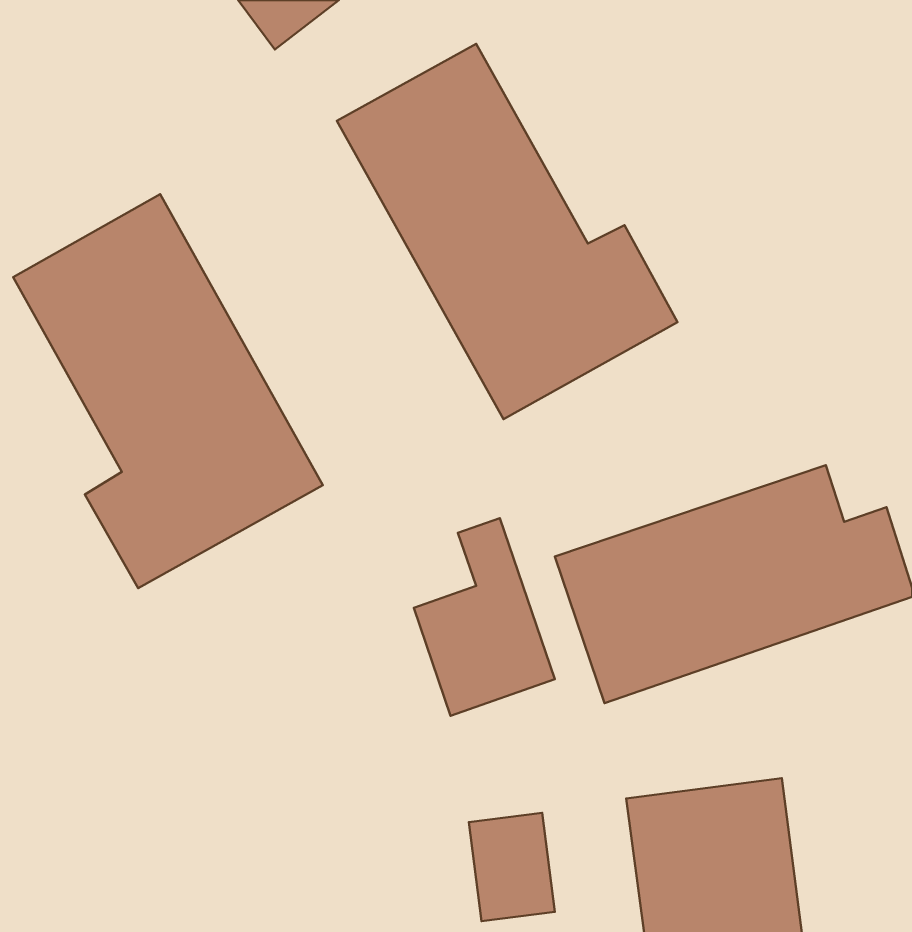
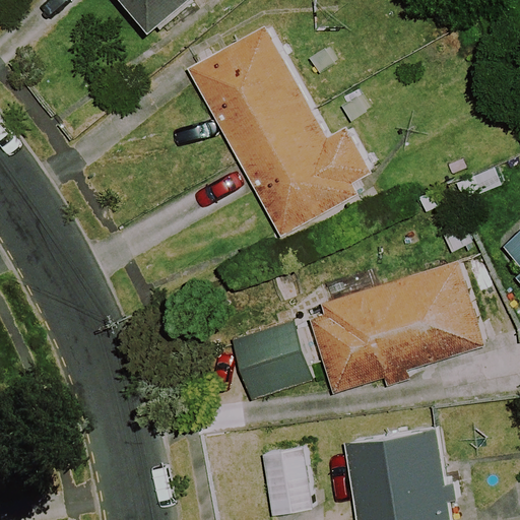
building: [13,194,323,588] -> none

